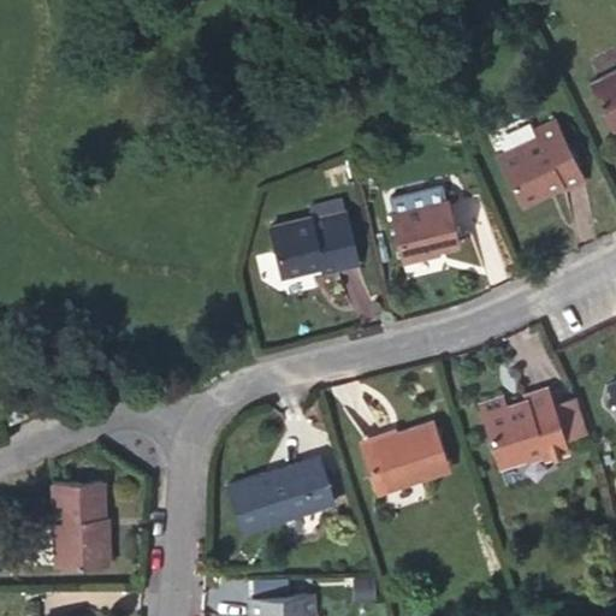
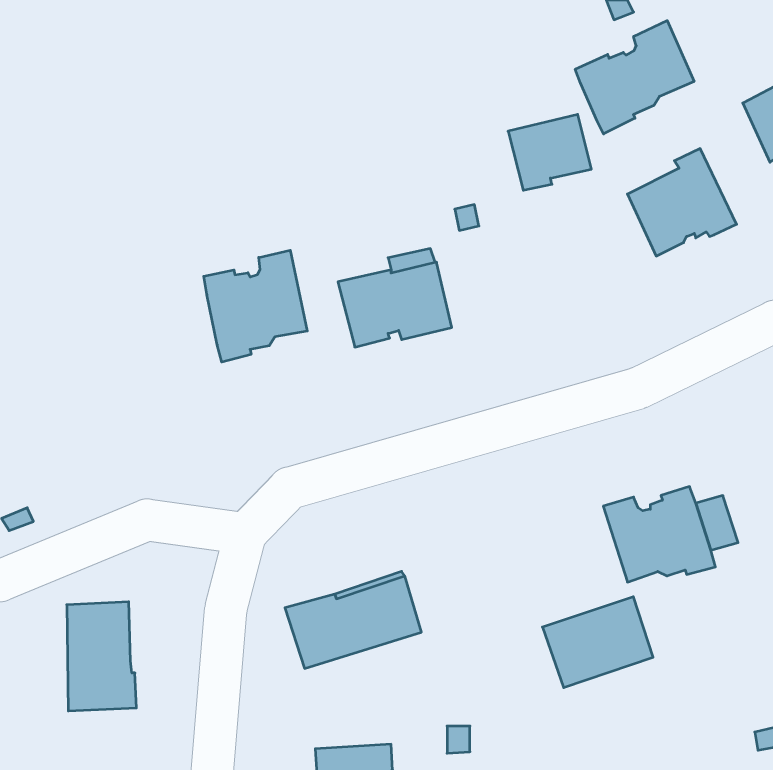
building: none -> [575,21,694,134]
building: [392,202,458,262] -> [508,114,591,190]
building: none -> [204,250,307,362]
building: [362,422,450,494] -> [542,597,653,688]

